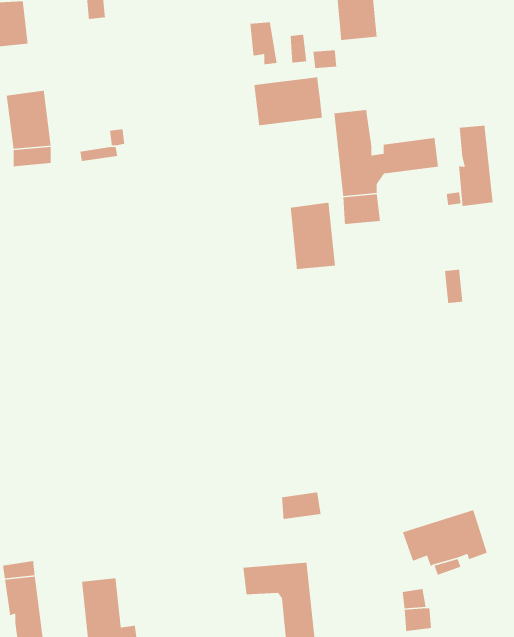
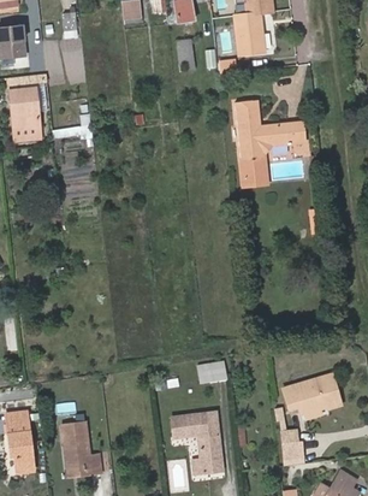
building: [253,76,323,126] -> none
building: [458,125,493,207] -> none
building: [290,202,336,270] -> none

